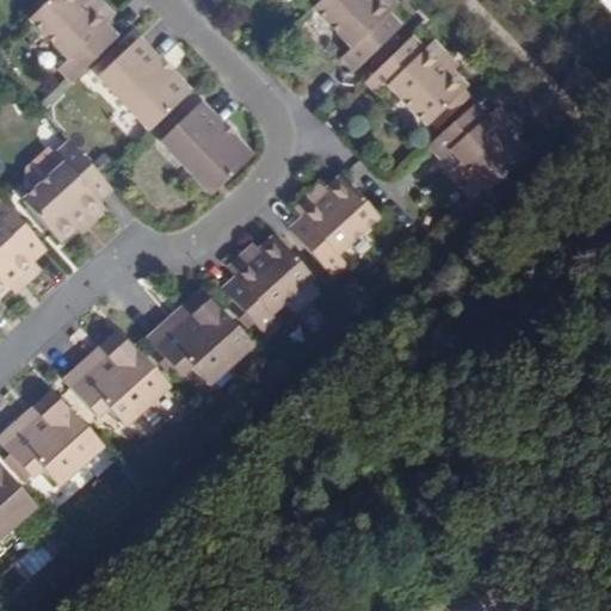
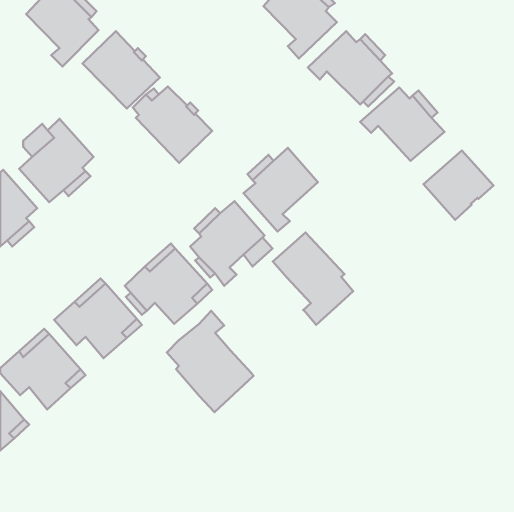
building: none -> [423,151,493,220]
building: none -> [273,232,353,325]
building: none -> [167,311,254,412]

